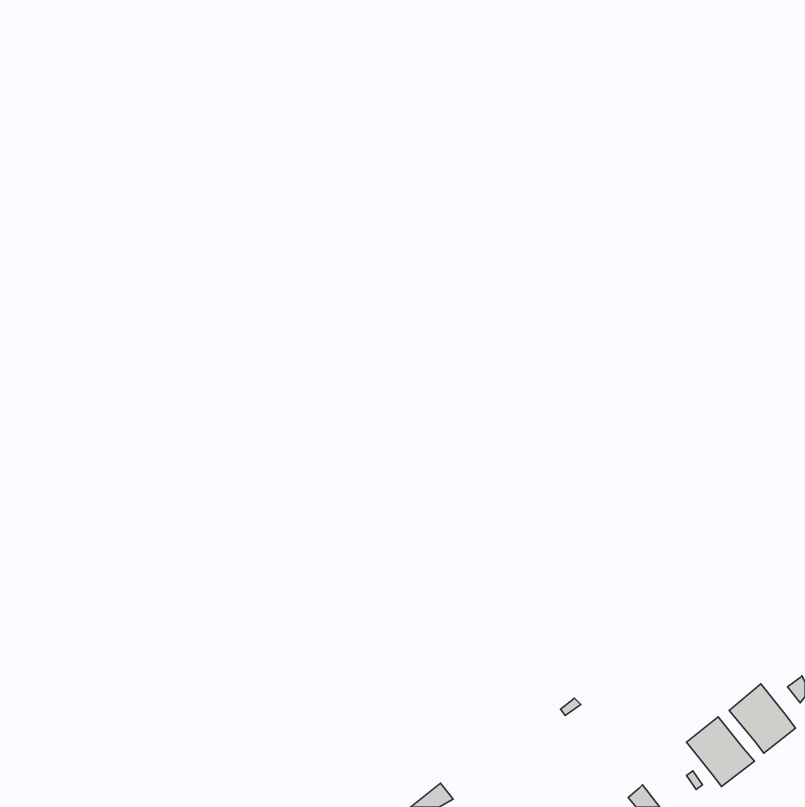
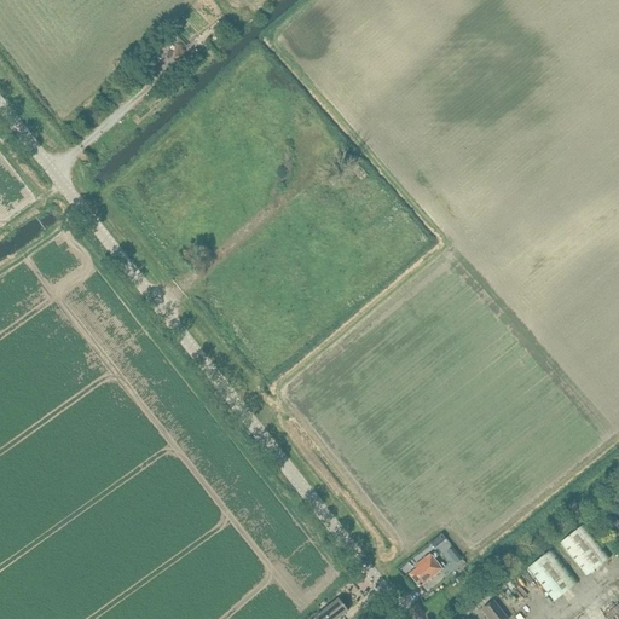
building: none -> [407,554,441,588]

